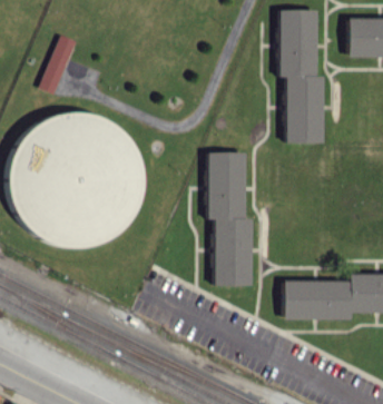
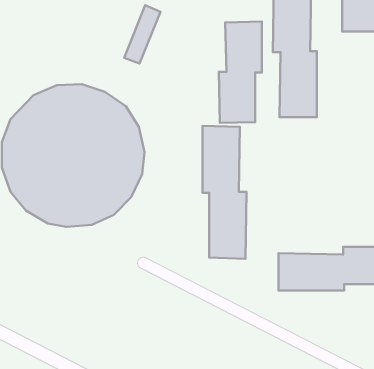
building: [40,35,77,93] -> [124,5,160,63]
building: none -> [219,22,262,123]

